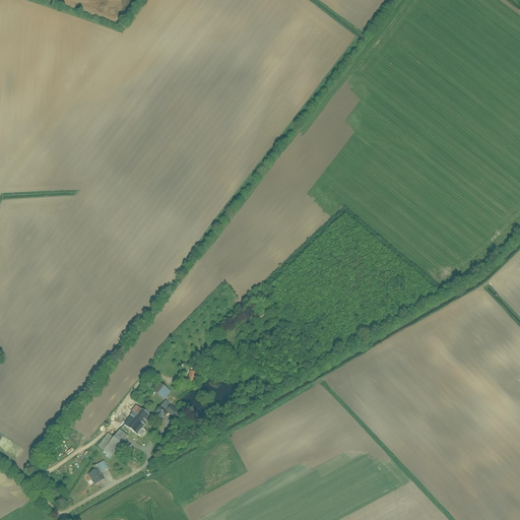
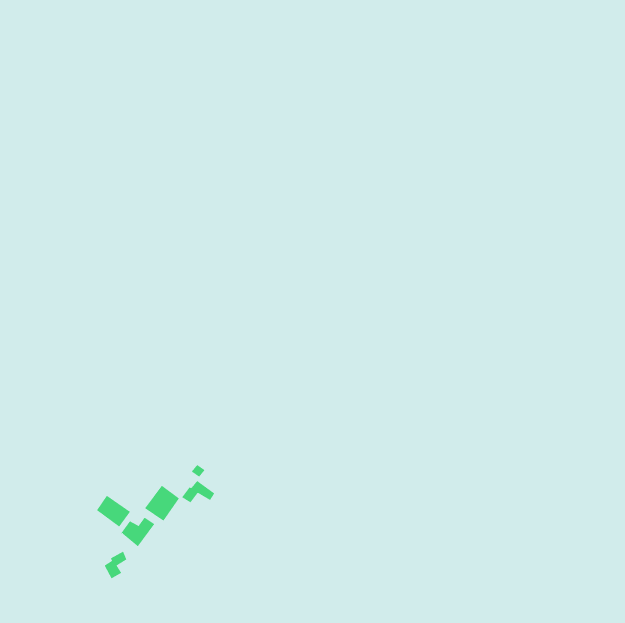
building: none -> [96,495,131,528]

